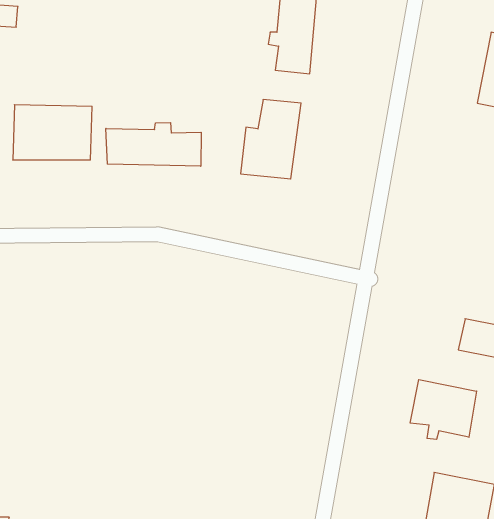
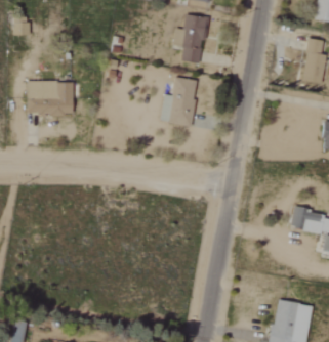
building: [106,123,201,166] -> none
building: [410,380,477,439] -> none

